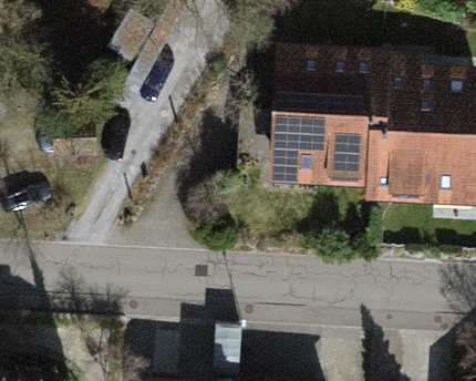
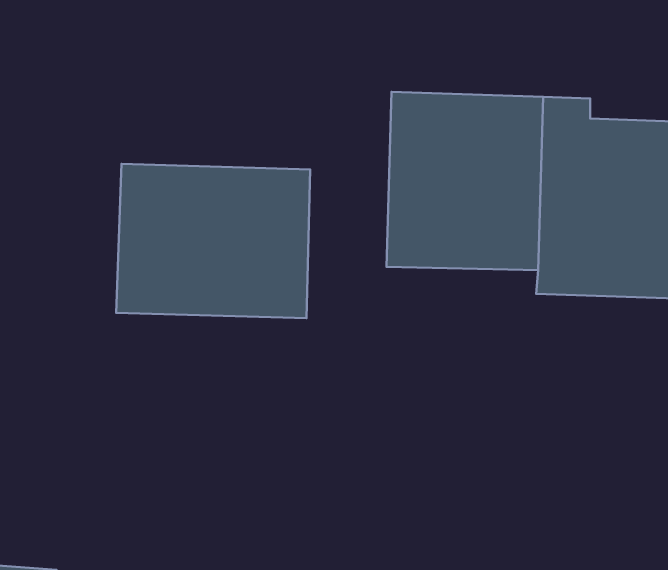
building: none -> [116,164,310,318]

